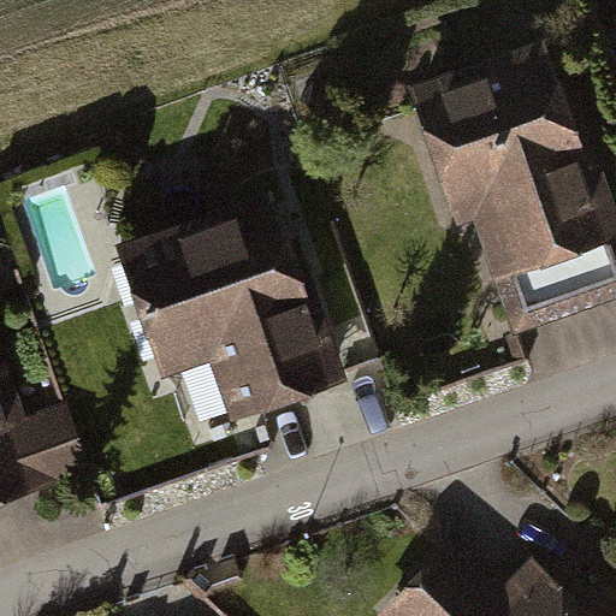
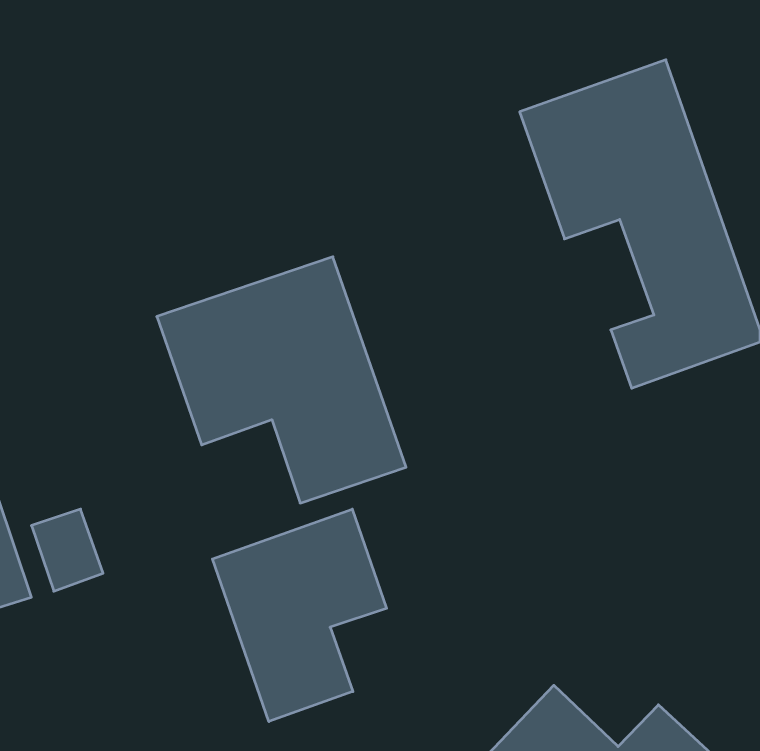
building: none -> [212,509,387,722]

